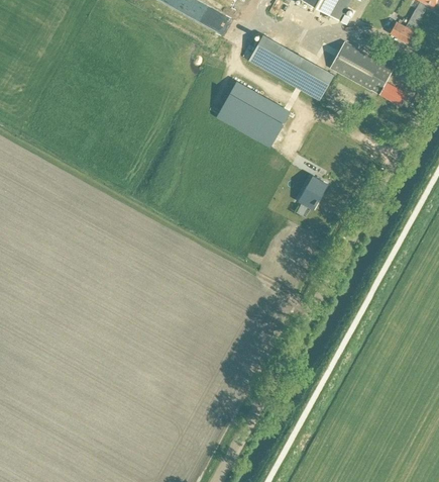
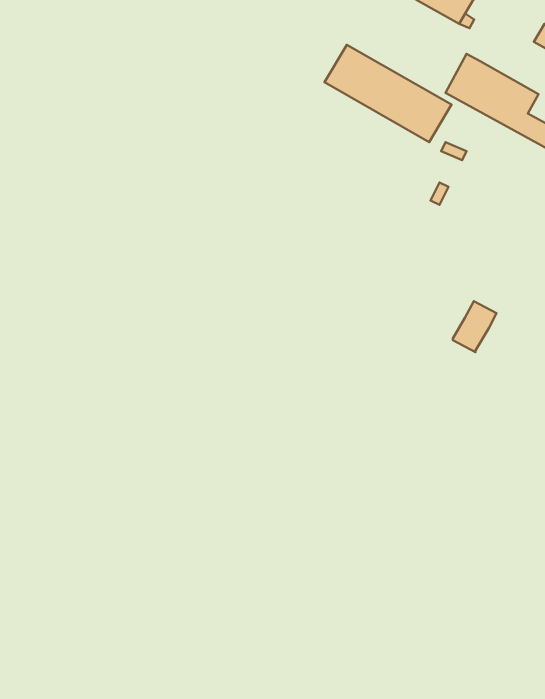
building: [216,81,287,143] -> none
building: [298,175,327,209] -> [453,301,496,352]

